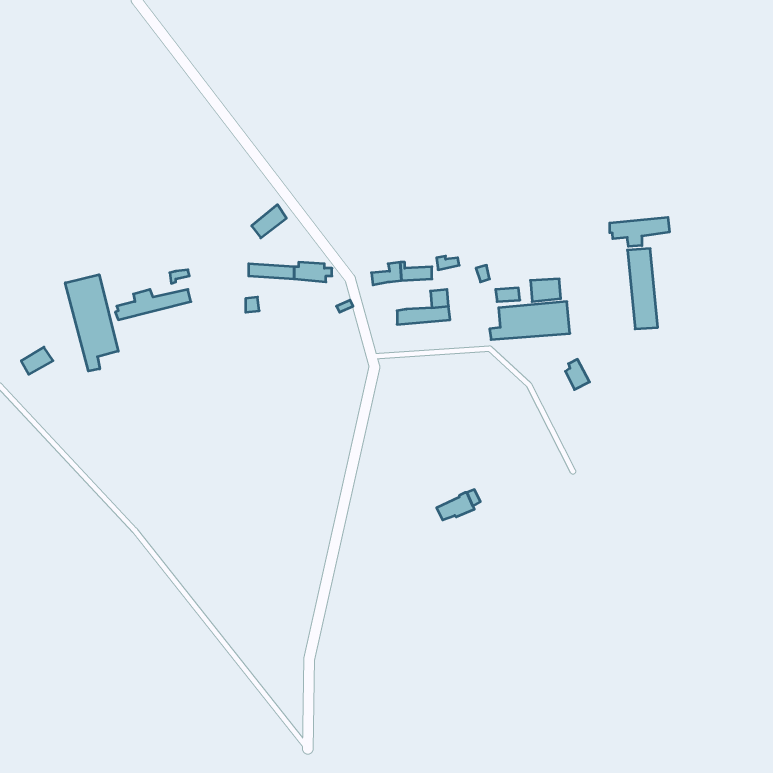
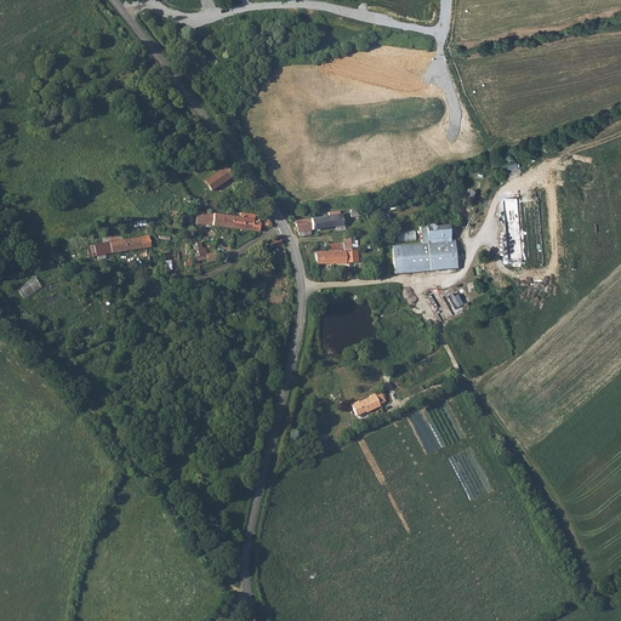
building: [610,217,669,246] -> none
building: [65,275,118,371] -> none

